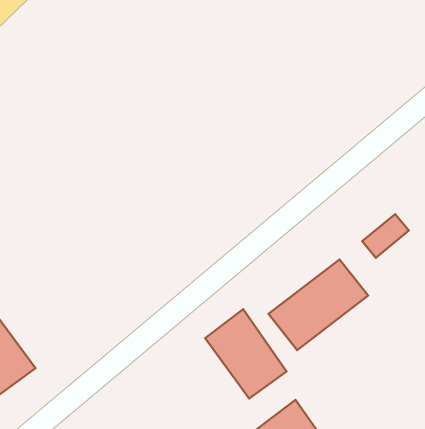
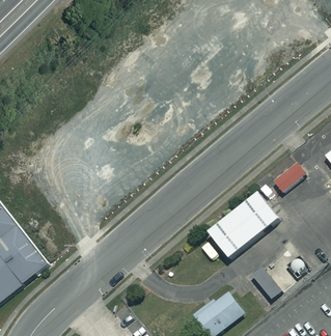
building: [205,309,287,399] -> none
building: none -> [252,264,283,297]

